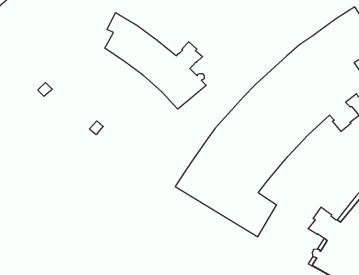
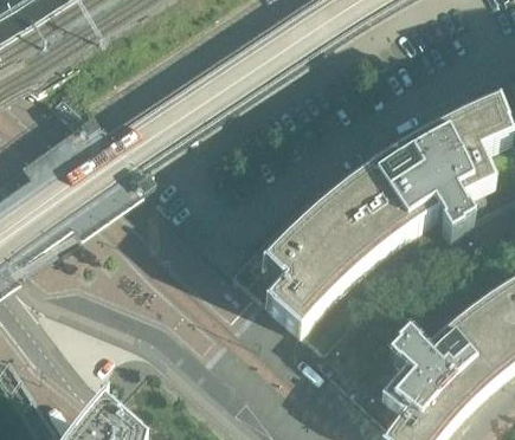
building: [105,13,206,109] -> none

